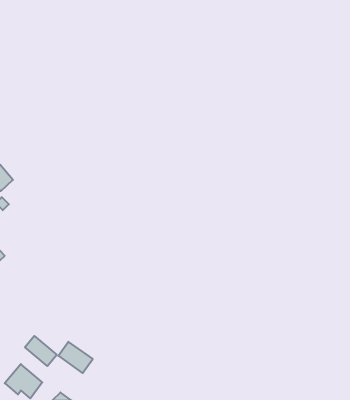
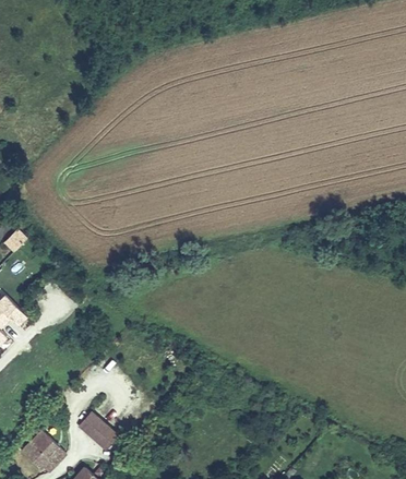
building: [25,336,57,366] -> none

